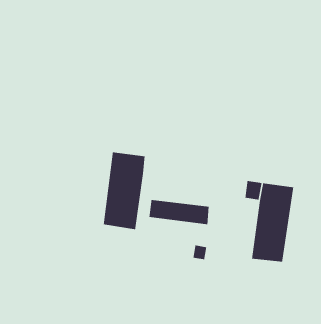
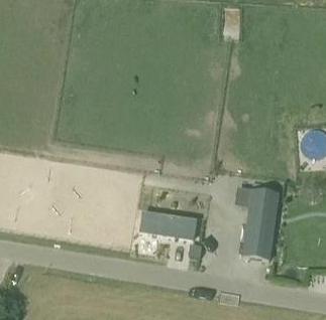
building: [103,151,145,230] -> none

